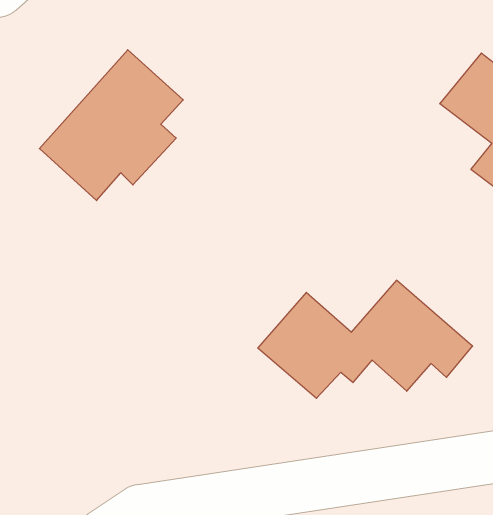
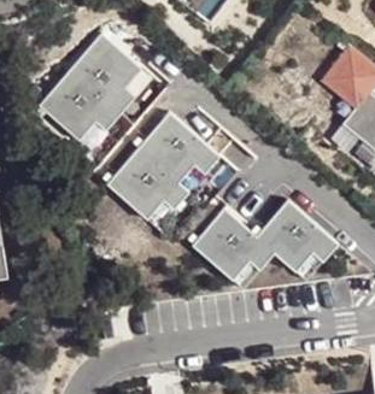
building: none -> [105,112,223,224]

